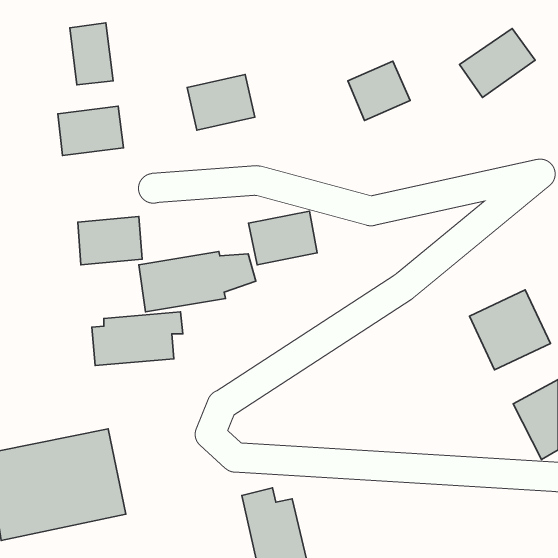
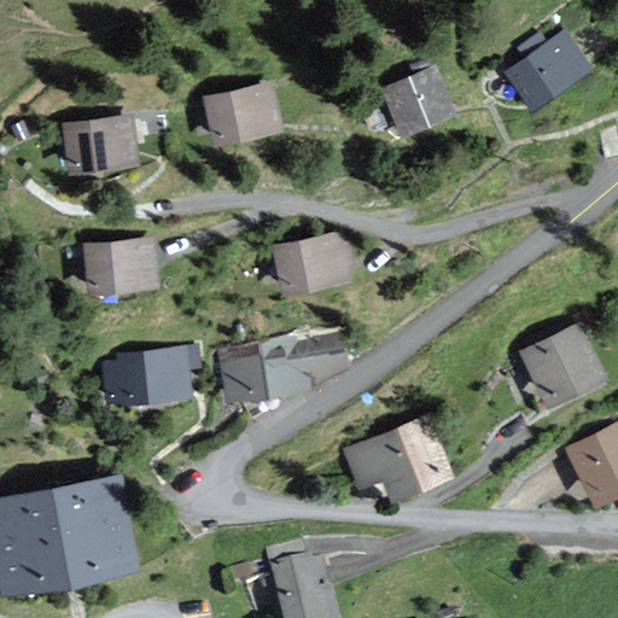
building: [70,23,113,85] -> none
building: [139,252,256,312] -> [218,334,348,401]
building: none -> [342,413,454,499]

